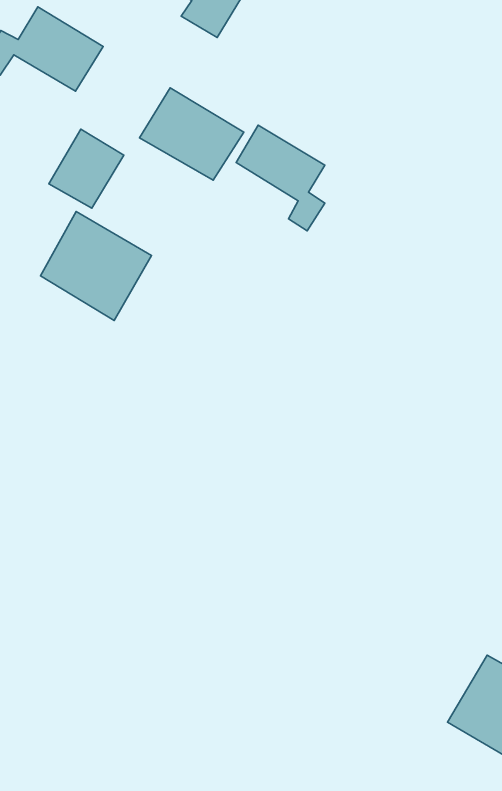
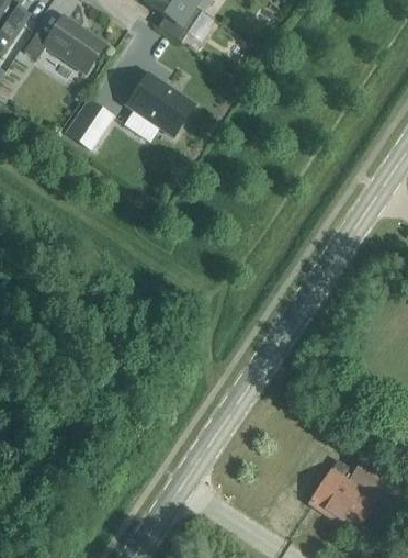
building: [236,125,325,231] -> none
building: [41,212,151,321] -> none

